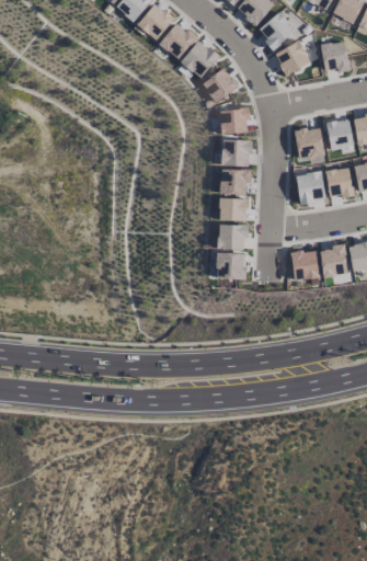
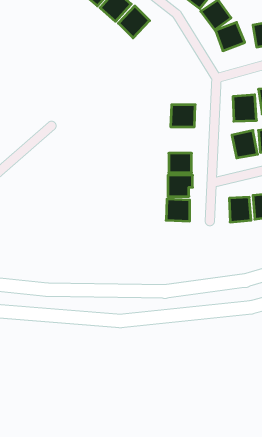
building: [181,41,219,78] -> none
building: [203,68,239,103] -> none
building: [221,108,250,135] -> none
building: [221,169,252,195] -> none

